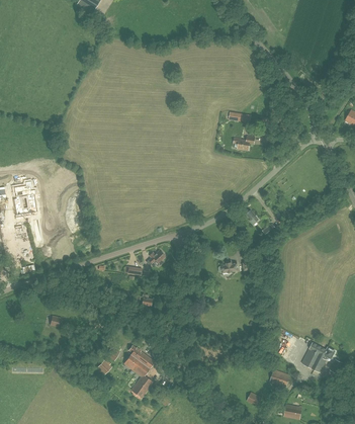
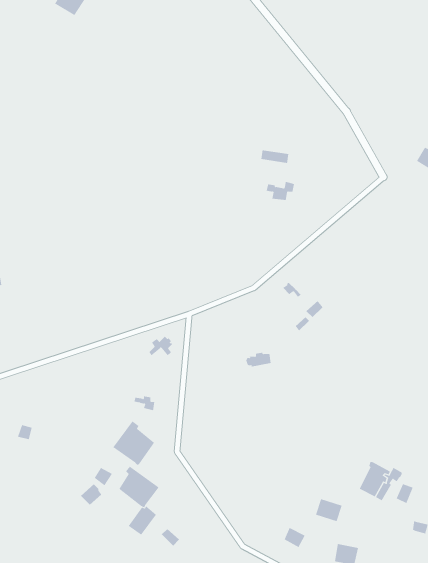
building: none -> [113,421,155,466]

